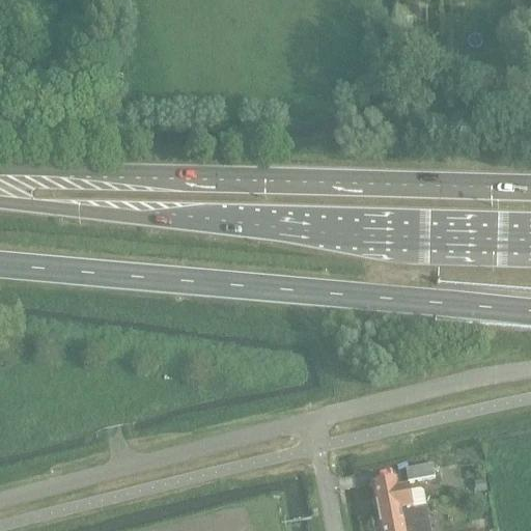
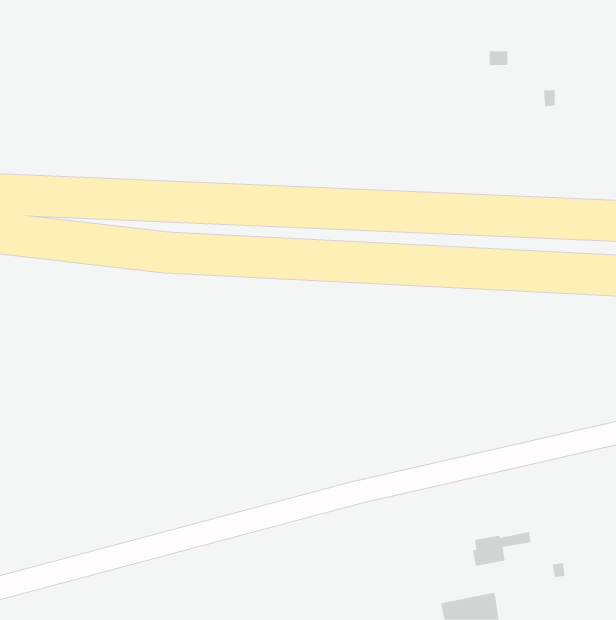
building: [371,481,423,515] -> none

